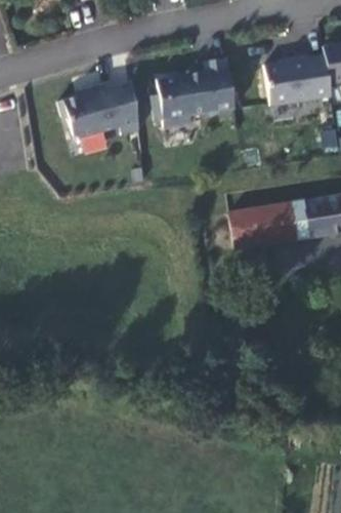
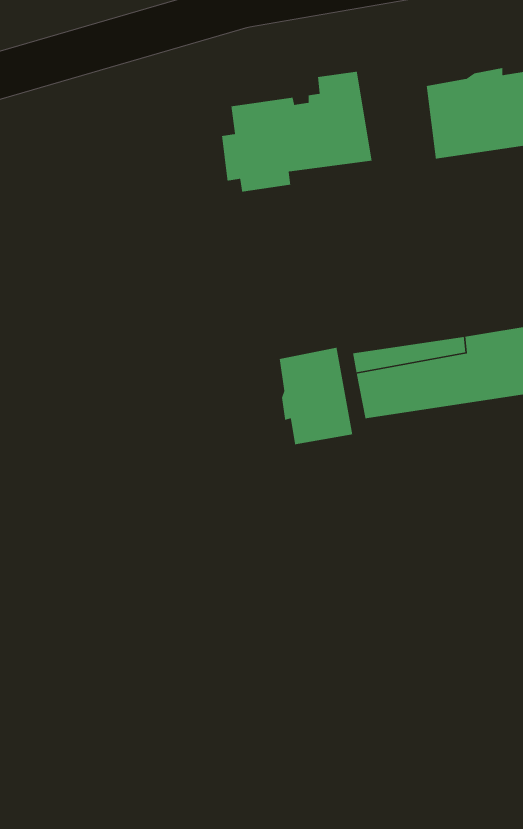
building: [57,78,140,133] -> none
building: none -> [279,347,353,445]

